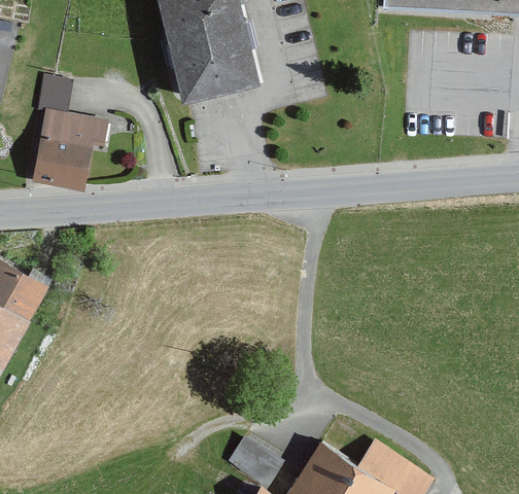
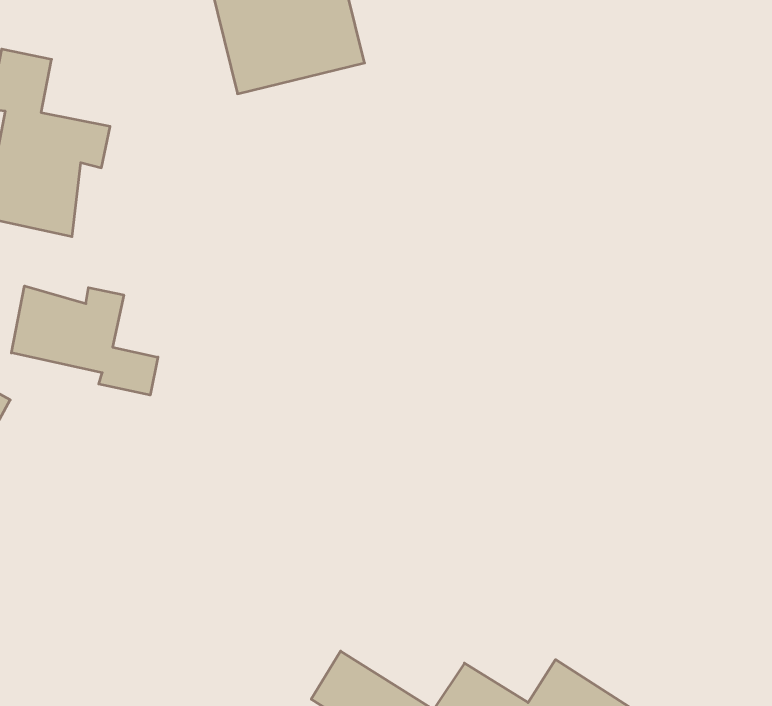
building: none -> [11,286,158,395]

